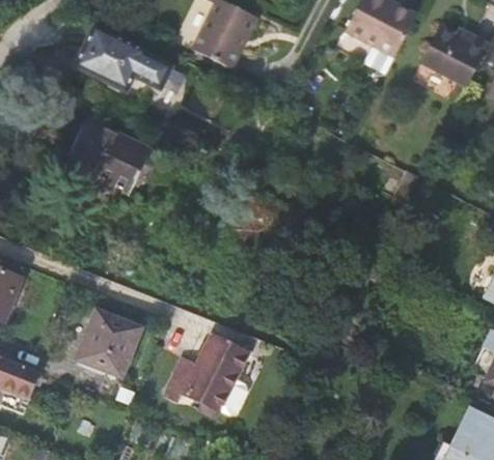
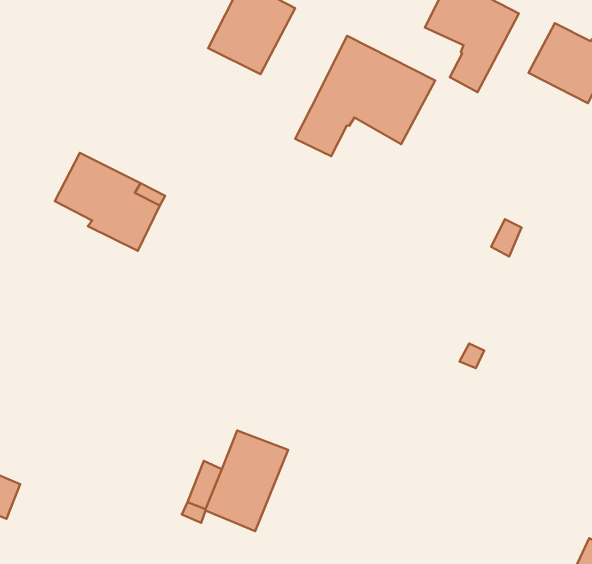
building: [77,27,170,89] -> none
building: none -> [295,36,435,156]
building: [84,313,140,375] -> none

